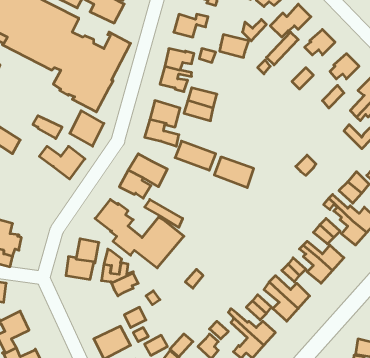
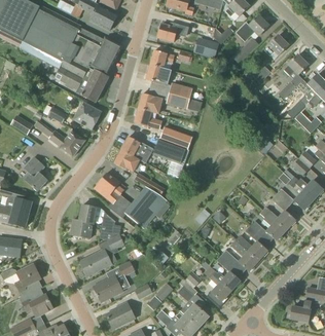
building: [214,157,254,188] -> [152,139,184,163]
building: none -> [22,156,47,191]
building: none -> [79,249,111,276]

